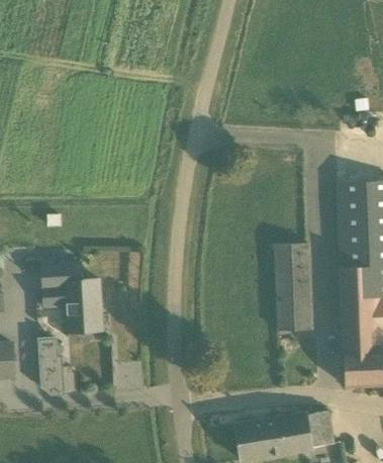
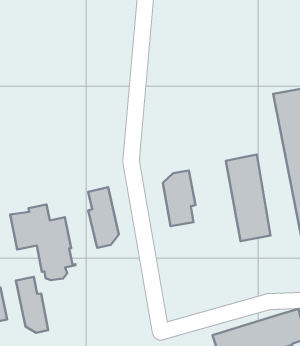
building: none -> [163,170,196,226]
building: none -> [88,187,119,248]

